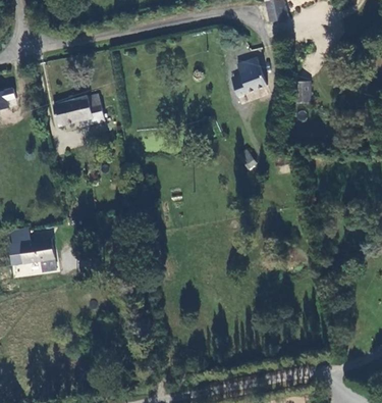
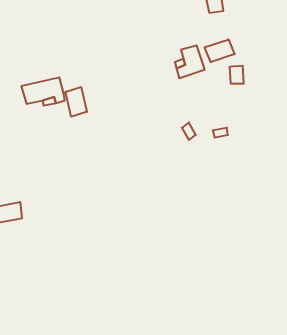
building: none -> [205,39,235,62]
building: none -> [65,87,87,117]

